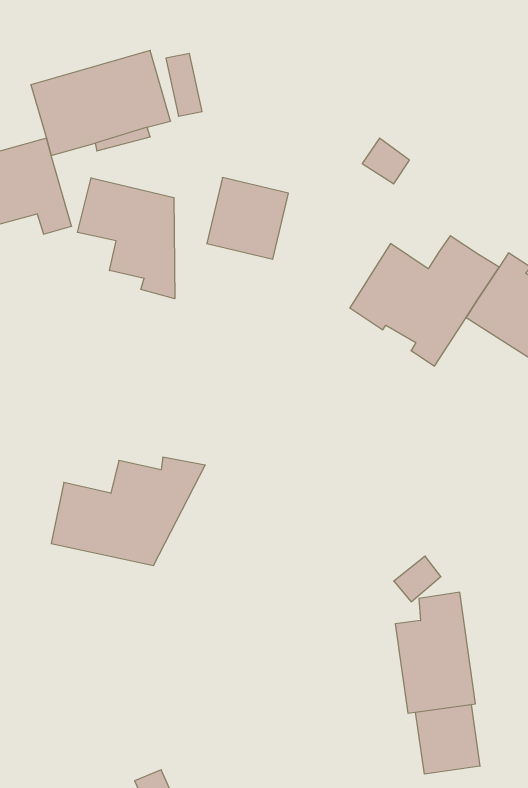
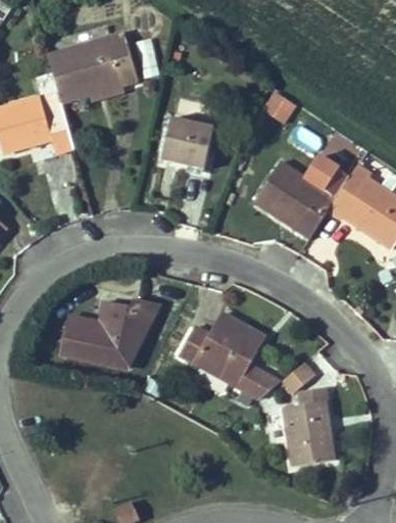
building: [77,178,175,299] -> none
building: none -> [179,312,280,398]
building: [416,704,480,774] -> none

